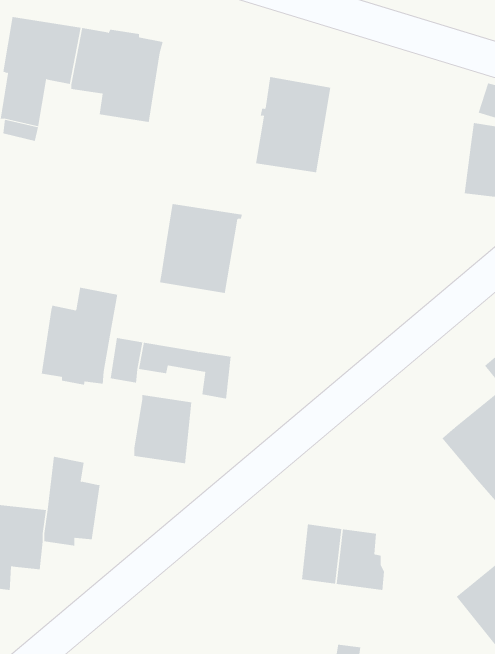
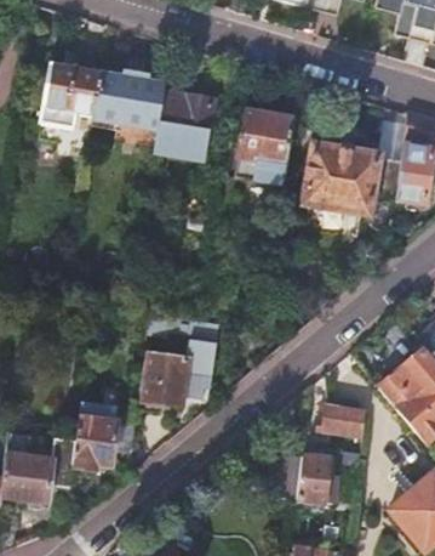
building: none -> [304,146,400,211]
building: [159,203,243,294] -> [153,90,217,159]
building: [41,287,118,386] -> none
building: none -> [317,403,366,435]

